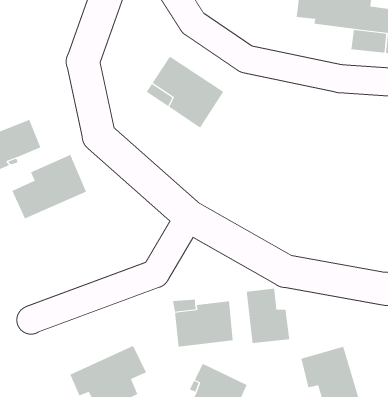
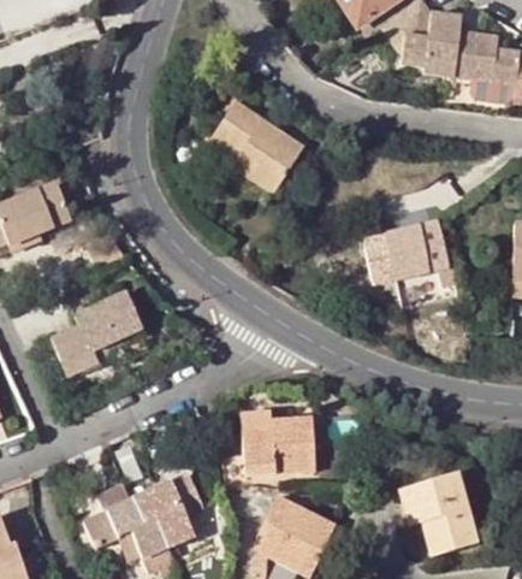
building: none -> [364,223,449,283]
building: [11,154,87,219] -> [51,291,147,374]
building: [246,288,290,344] -> none

